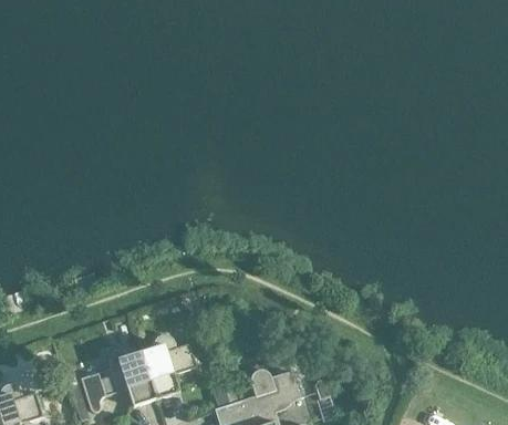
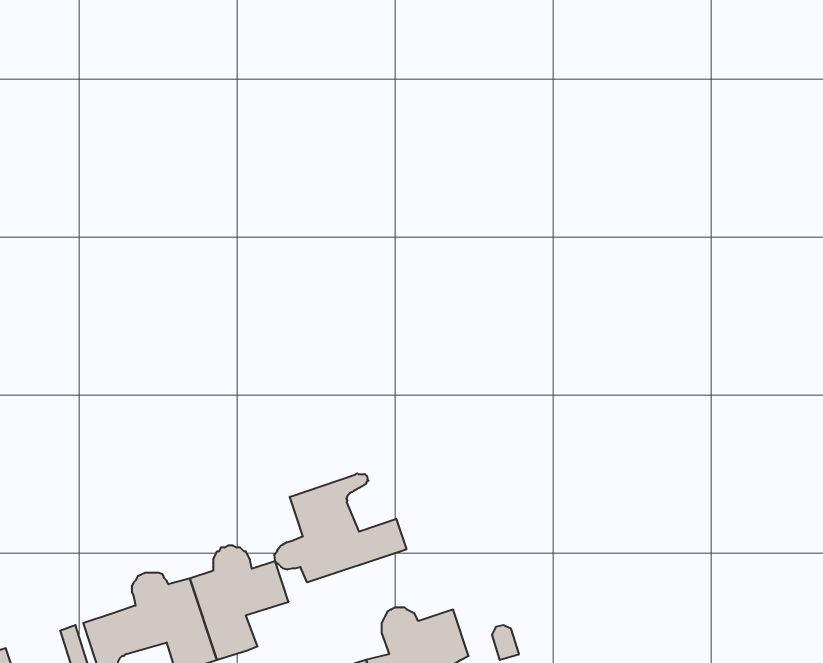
building: none -> [274,473,406,582]

